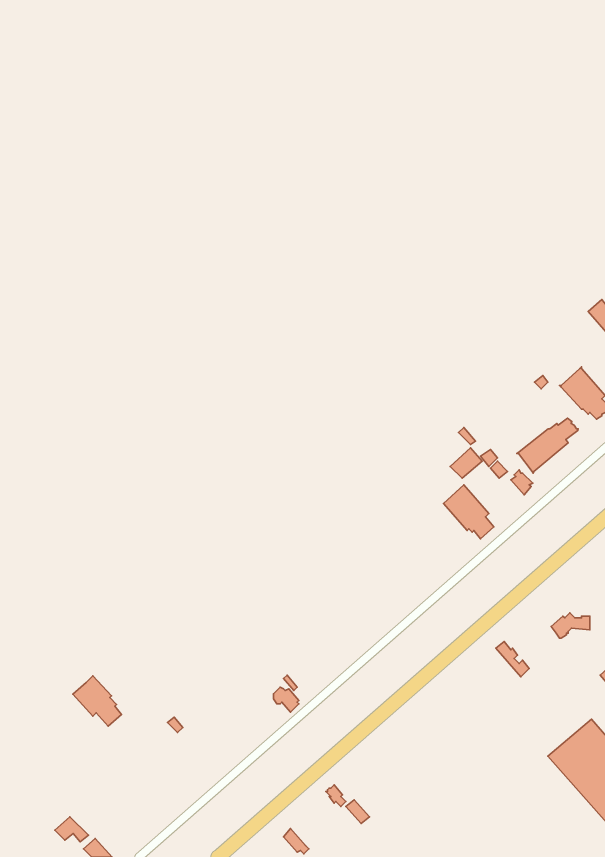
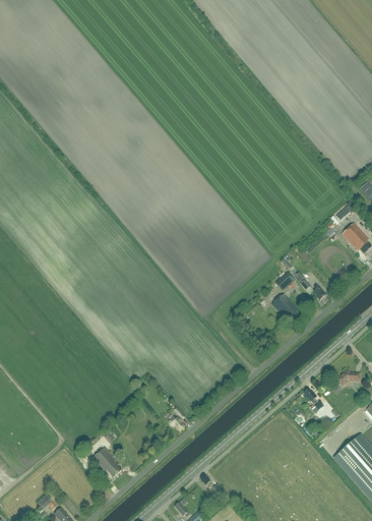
building: [517,418,578,473] -> none
building: [73,676,121,726] -> [92,447,122,477]

